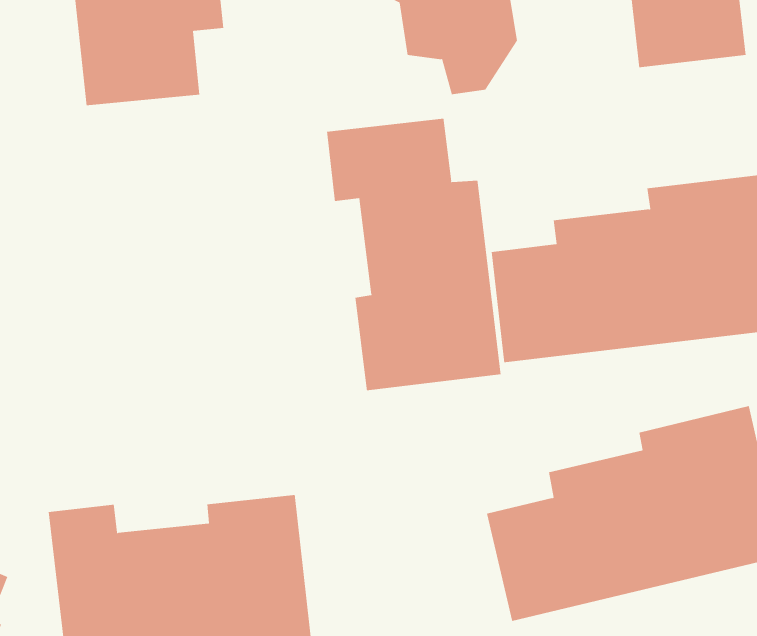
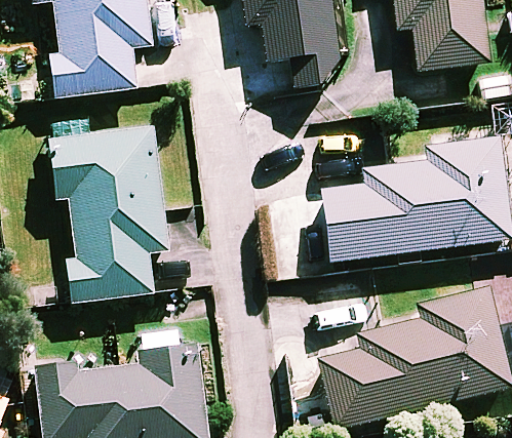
building: [326,118,501,391] -> none
building: none -> [47,114,167,300]

